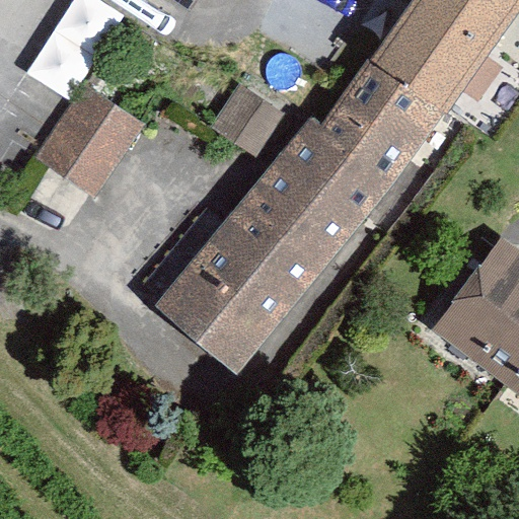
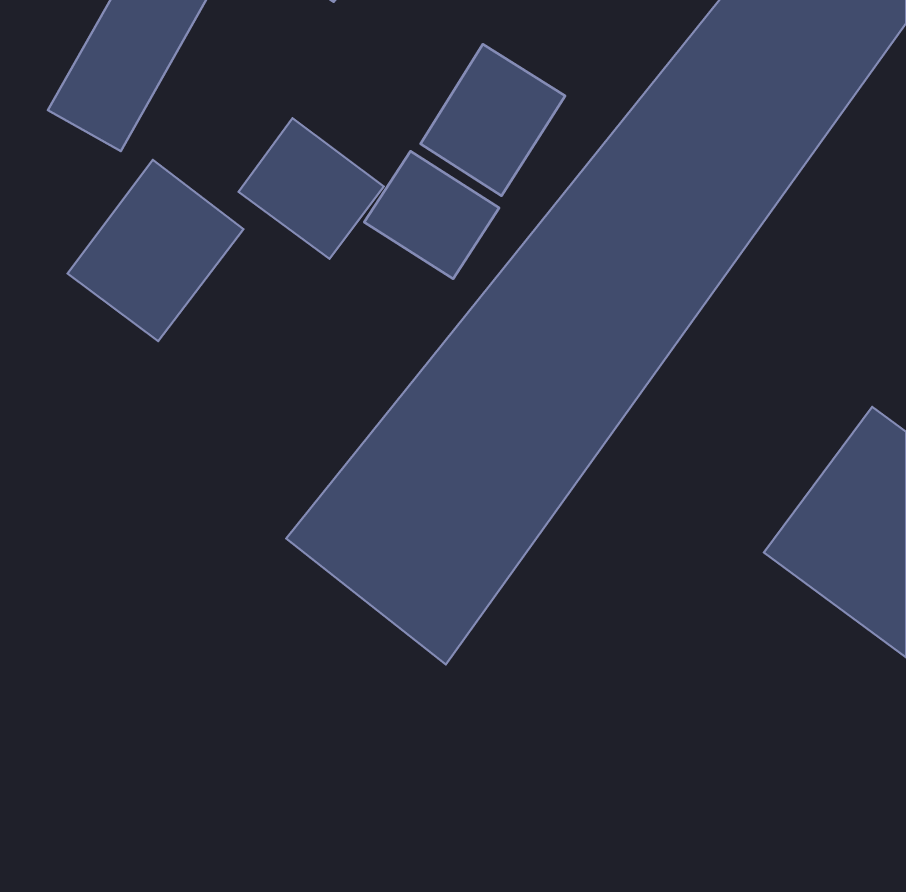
building: none -> [420,44,565,196]
building: none -> [239,118,384,259]

